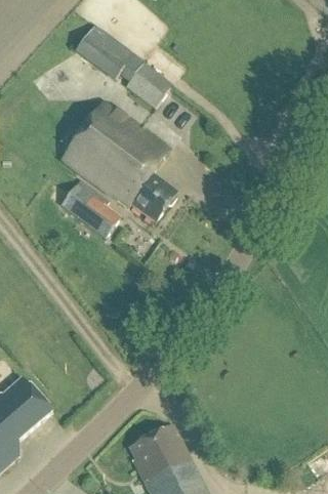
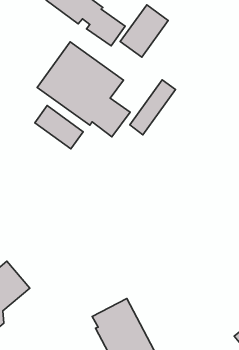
building: none -> [120,5,168,57]
building: none -> [130,80,175,135]

